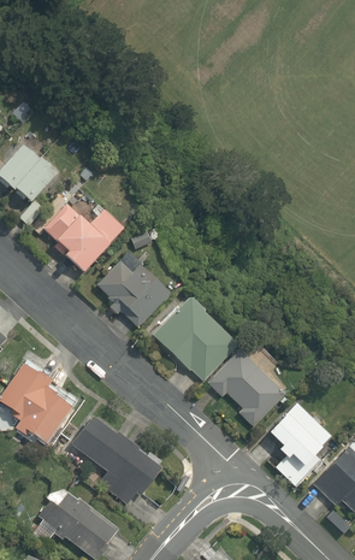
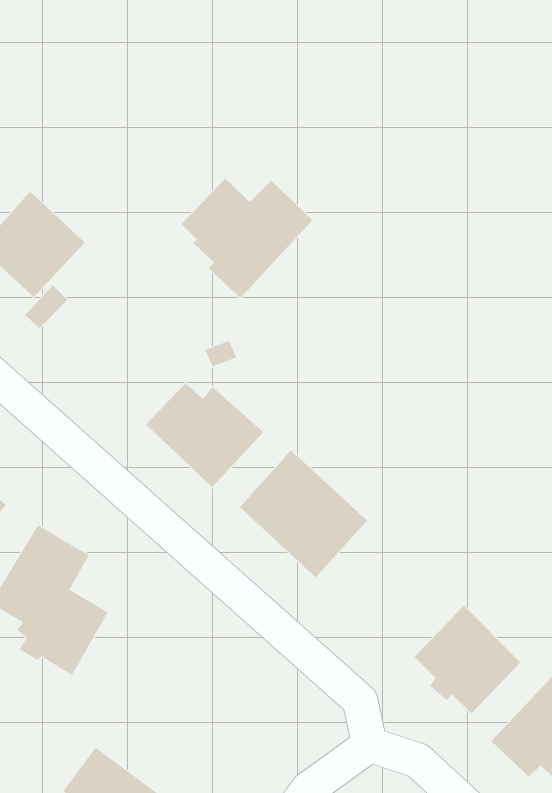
building: [42,200,125,276] -> [181,178,313,299]
building: [207,350,286,428] -> none
building: [72,414,160,503] -> none

